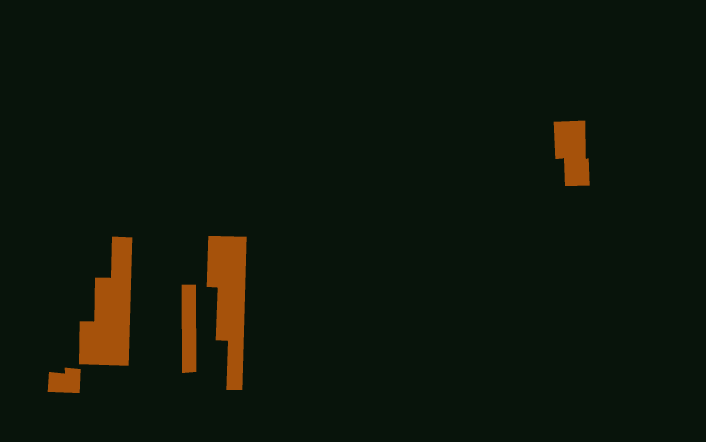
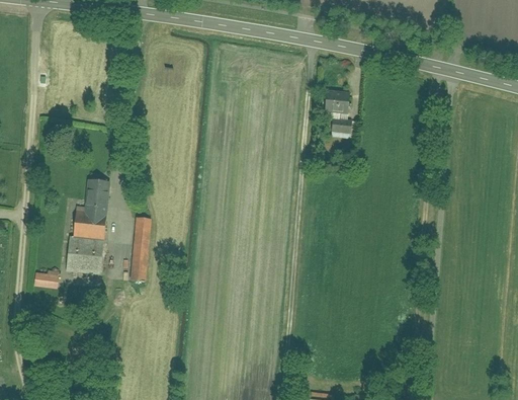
building: [553,120,590,186] -> [327,92,351,139]
building: [206,235,247,391] -> none

